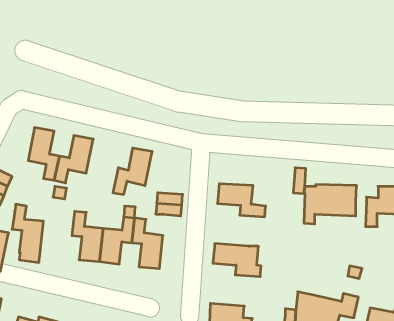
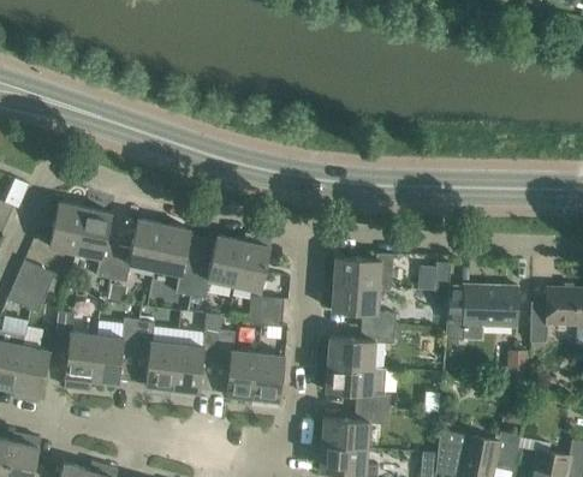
building: none -> [49,202,85,252]
building: none -> [155,223,198,296]
building: none -> [234,233,272,291]
building: none -> [334,252,394,287]
building: none -> [93,318,139,382]
building: none -> [328,326,403,368]
building: none -> [254,353,285,401]
building: none -> [322,406,389,448]

